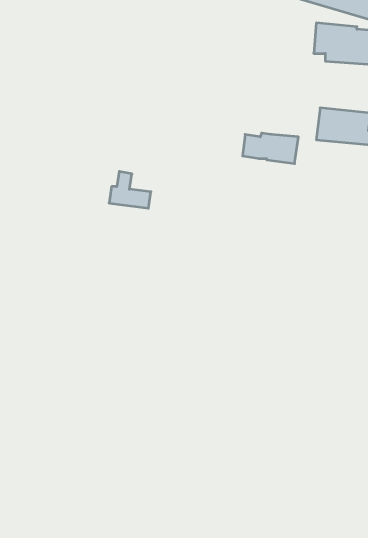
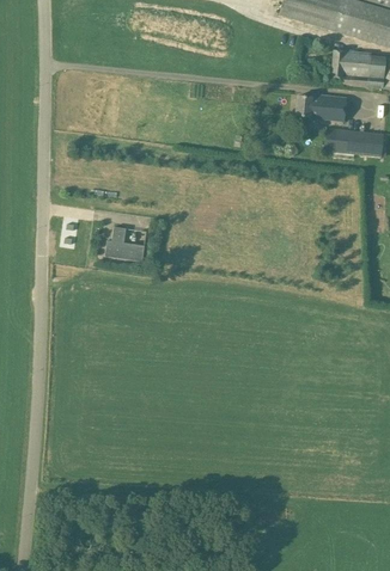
building: [243,133,298,164] -> [295,92,348,121]
building: [109,171,151,208] -> [105,225,145,259]

